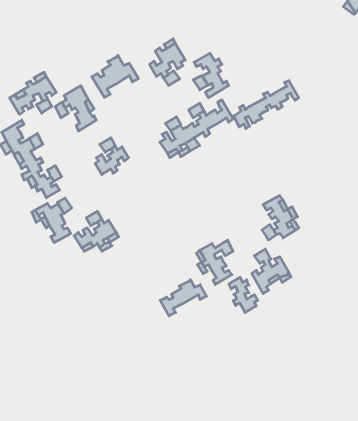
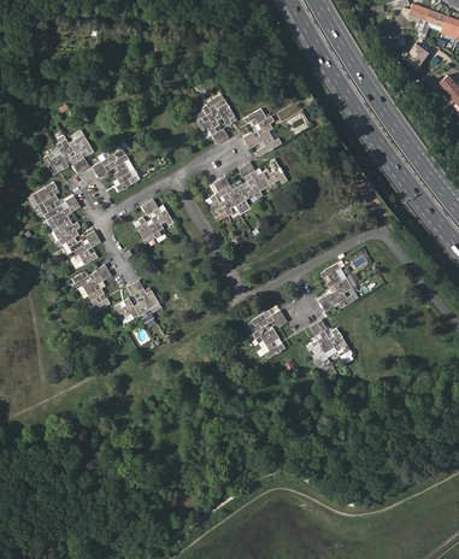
building: [92,55,138,97] -> none
building: [234,81,299,129] -> none
building: [229,277,258,313] -> none
building: [160,280,207,316] -> none

